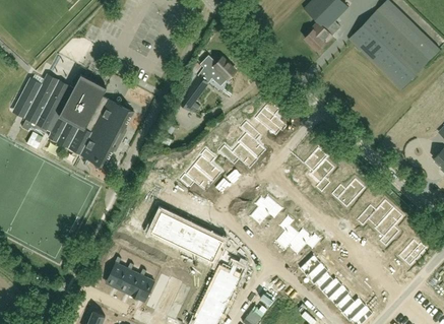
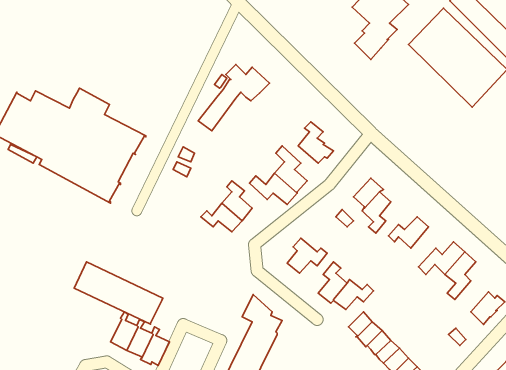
building: [151,210,224,261] -> [74,262,163,324]

